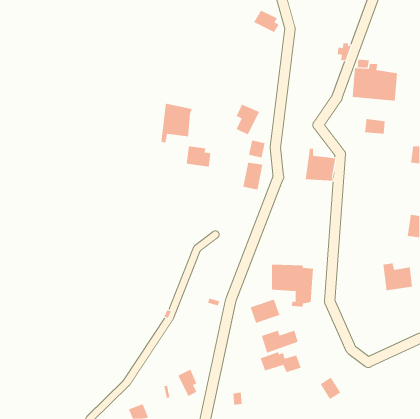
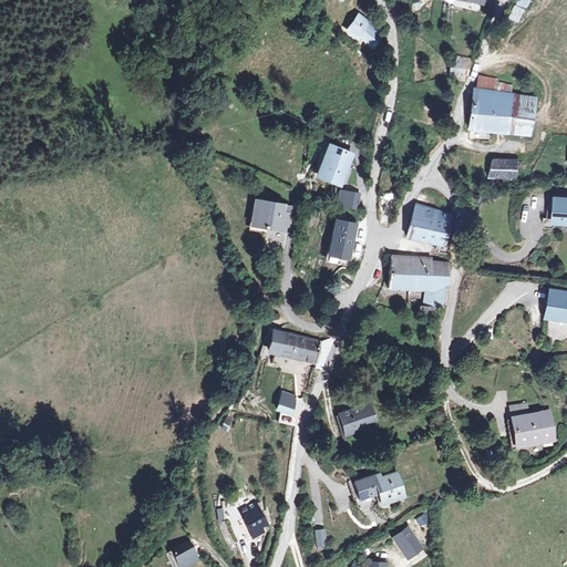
building: [161,103,193,144] -> none
building: none -> [277,339,321,364]
building: [382,263,413,291] -> [509,404,550,442]
building: [271,264,314,307] -> [392,257,450,315]
building: [261,330,298,353] -> none
building: [320,377,341,400] -> [392,525,421,556]

